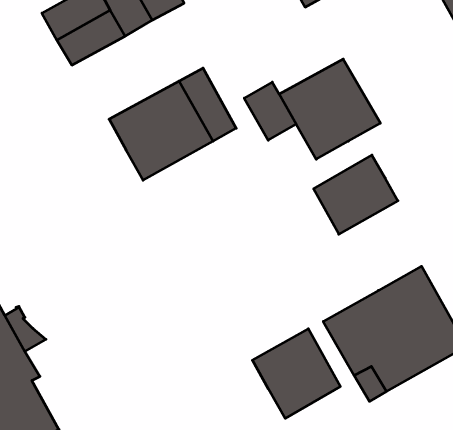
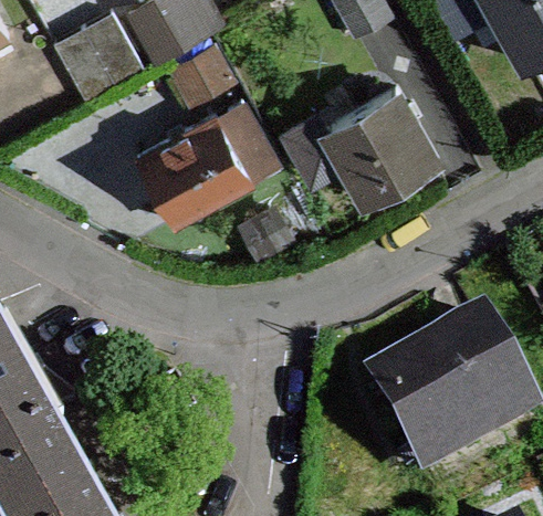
building: [314,155,398,234] -> none
building: [252,329,340,418] -> none

